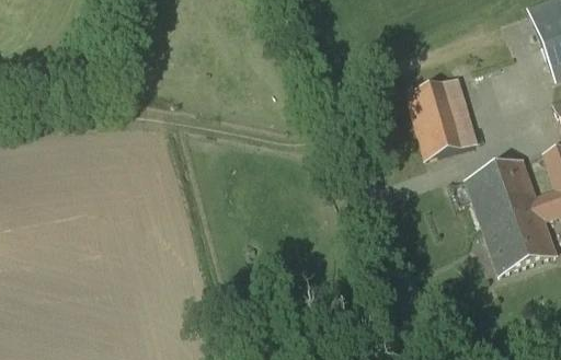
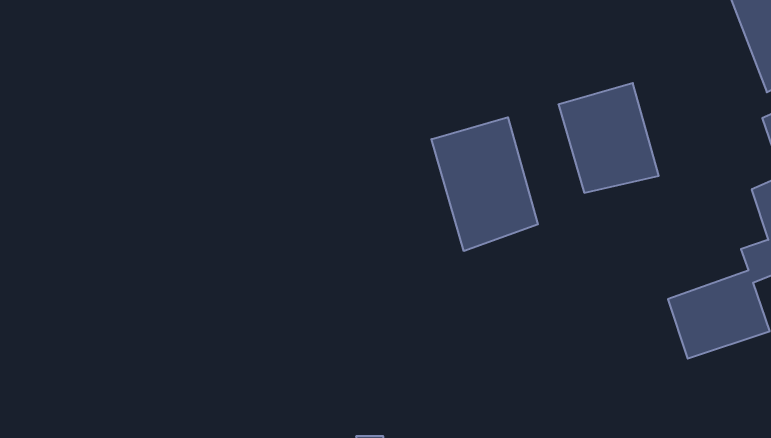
building: none -> [431,117,538,251]
building: [466,159,542,231] -> none

